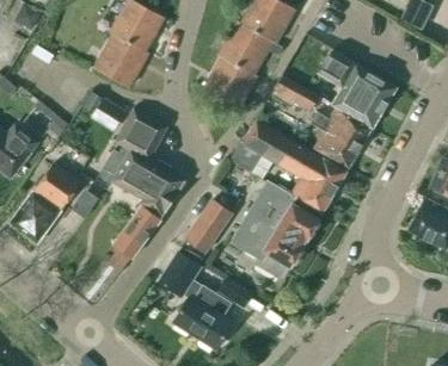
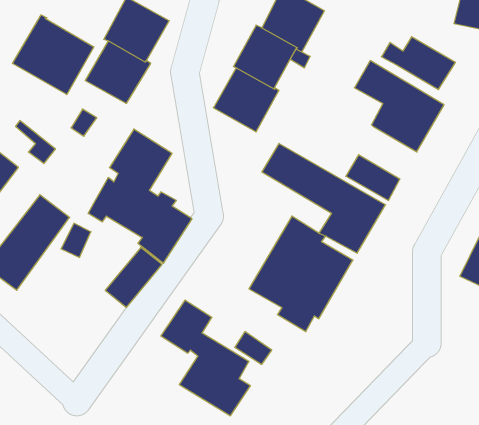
building: none -> [13,15,94,95]
building: [274,74,320,111] -> none
building: [311,106,373,150] -> [381,37,455,90]
building: [185,199,232,252] -> none

